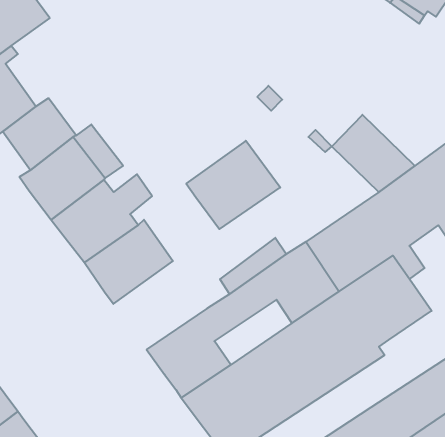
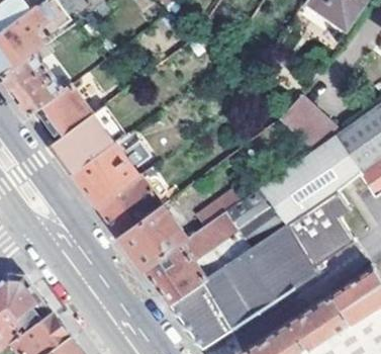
building: [186,141,280,229] -> [120,203,189,268]

